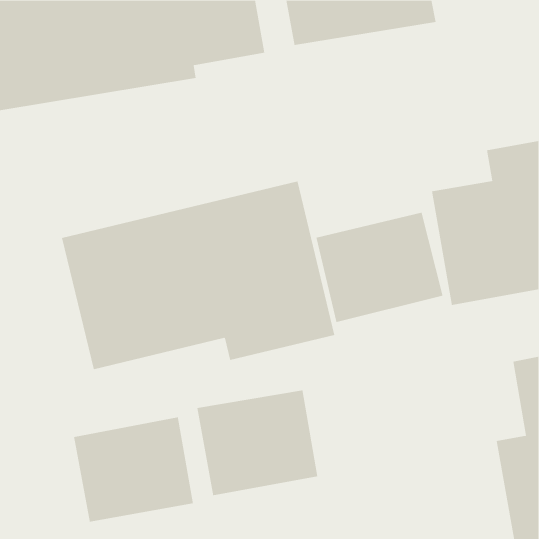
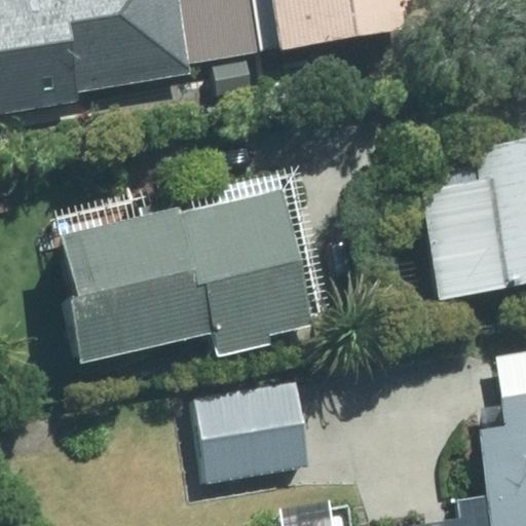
building: [316,212,443,323] -> none
building: [73,417,194,522] -> none

